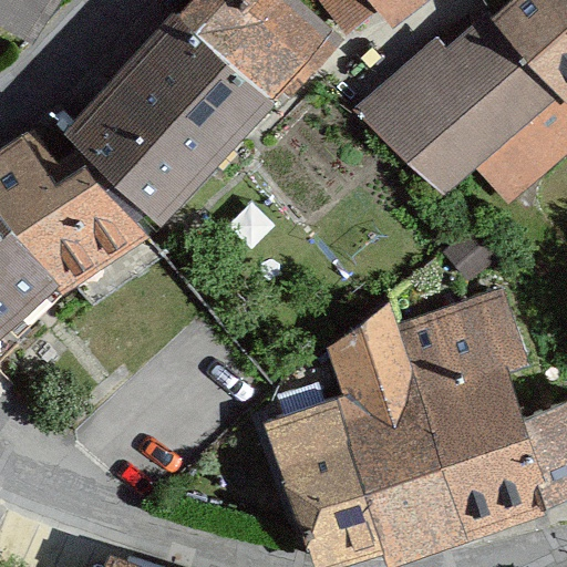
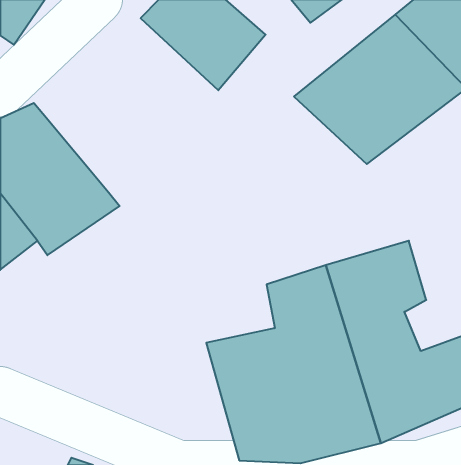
building: [59,13,271,234] -> none

